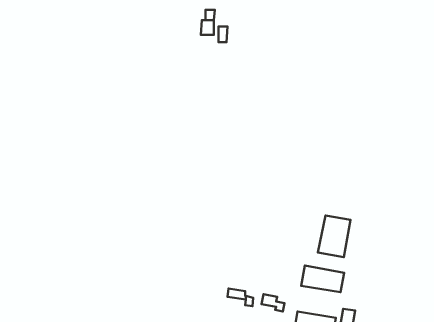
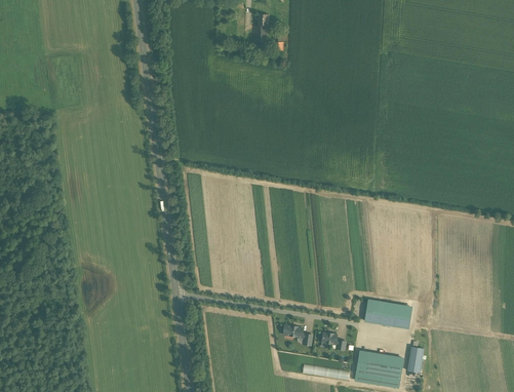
building: [318,216,350,257] -> none

